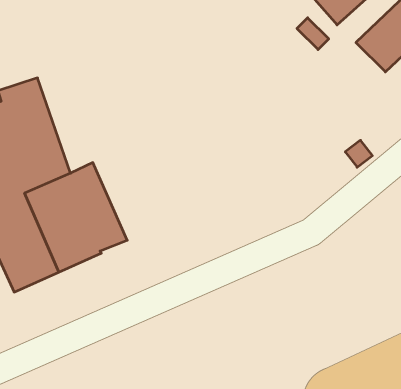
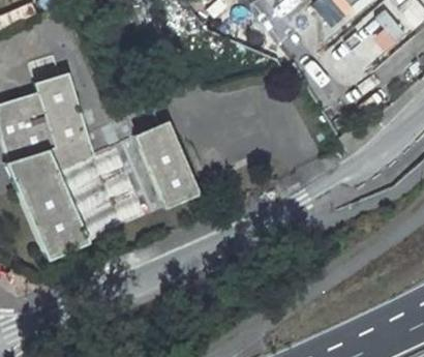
building: none -> [133,119,200,208]

